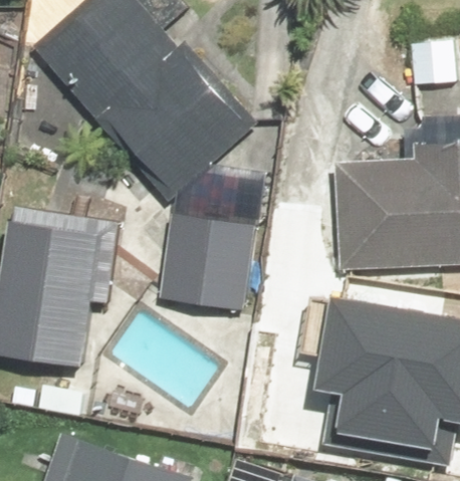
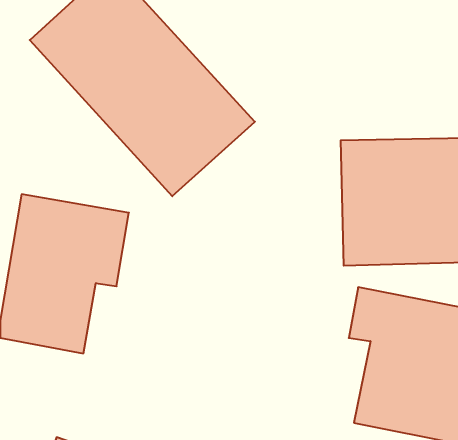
building: [166,214,257,303] -> none

